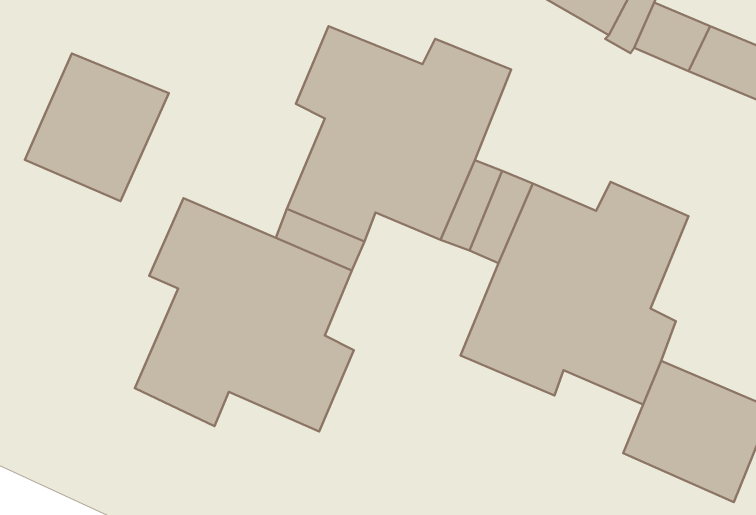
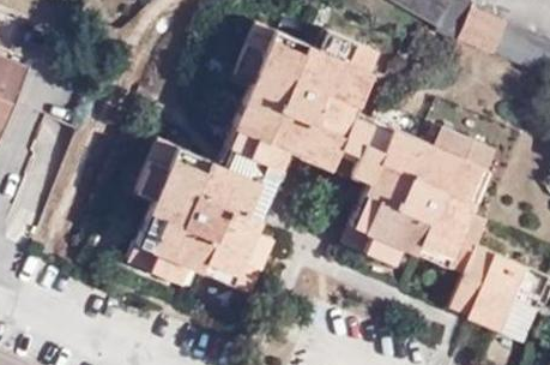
building: [25,54,169,201] -> none

